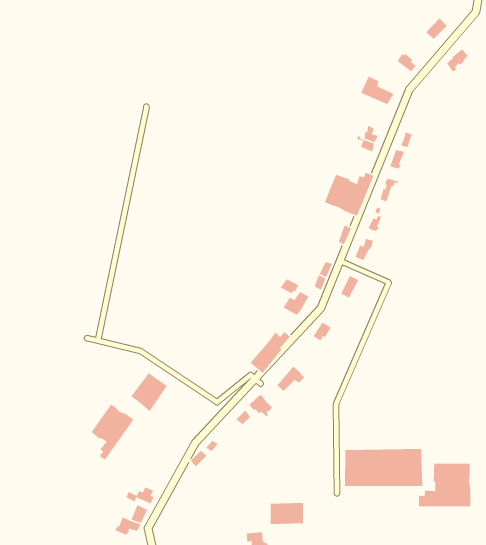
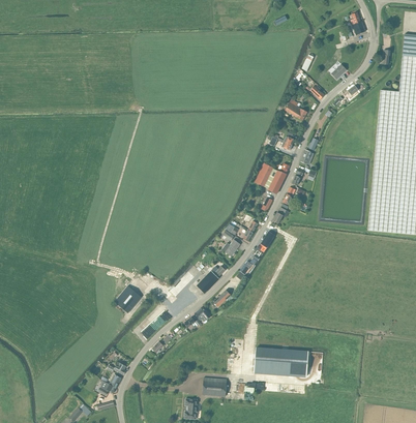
building: [90,404,135,461] -> none
building: [418,463,471,507] -> none

